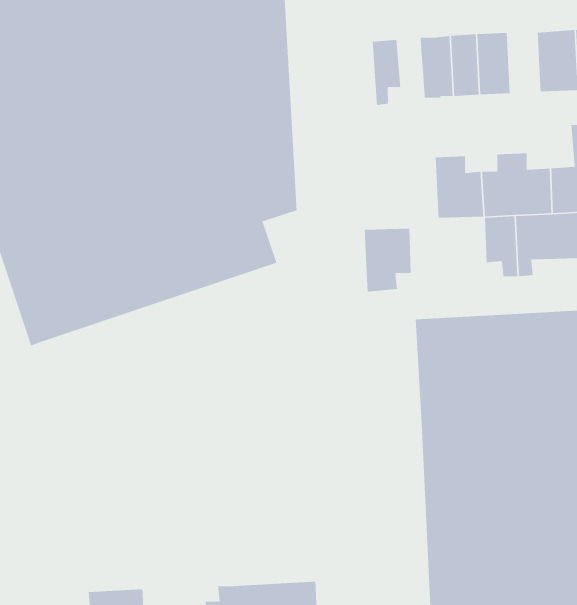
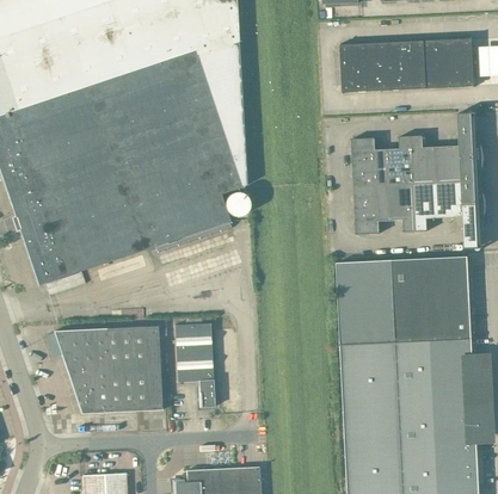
building: none -> [407,41,432,88]
building: [372,39,401,106] -> none
building: [364,228,412,292] -> [353,184,391,234]
building: none -> [173,322,214,407]
building: none -> [54,325,161,412]

